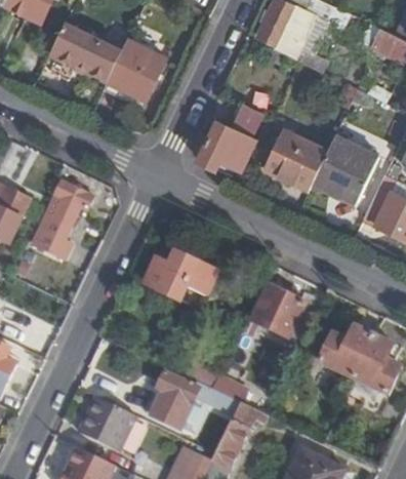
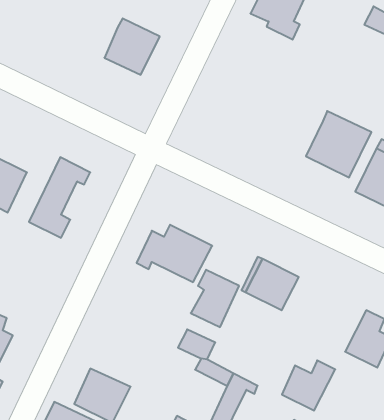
building: [50,27,122,81] -> none
building: [193,103,256,170] -> none
building: [266,124,331,190] -> none
building: [321,329,375,381] -> [282,360,335,411]
building: [149,372,198,431] -> [191,270,239,327]

